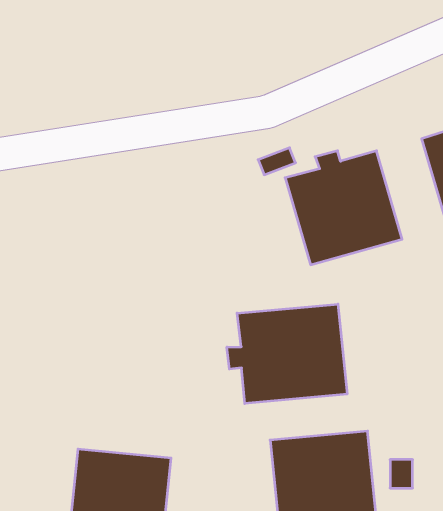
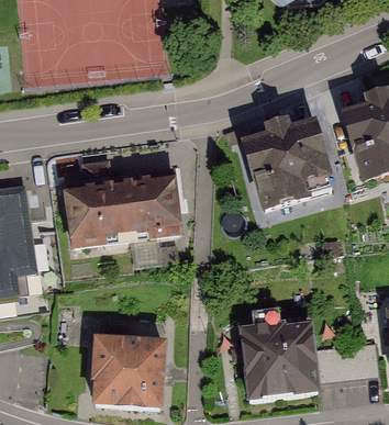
building: none -> [65,156,181,243]
building: [227,304,347,404] -> none

